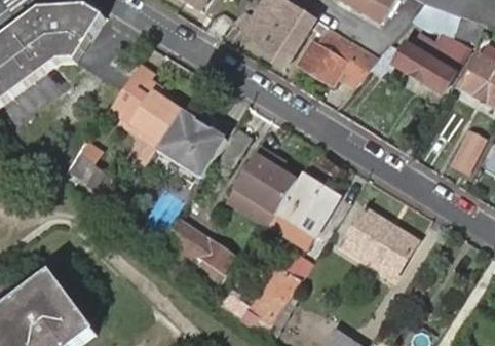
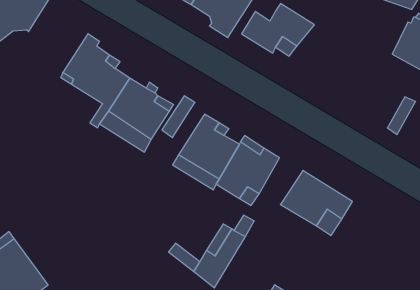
building: [396,42,463,89] -> none
building: [68,145,110,195] -> none
building: [160,219,236,279] -> none

